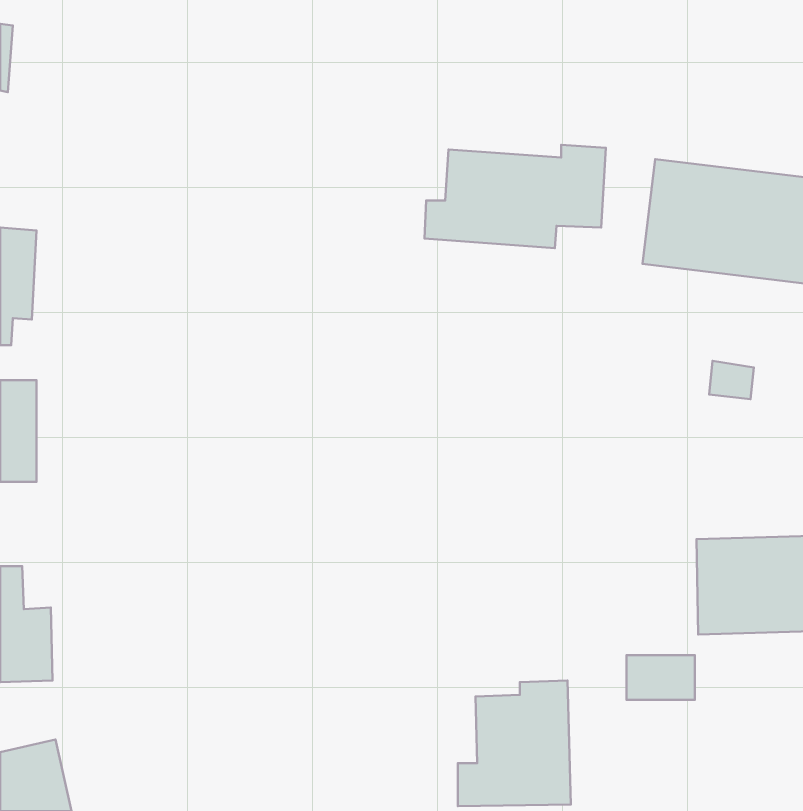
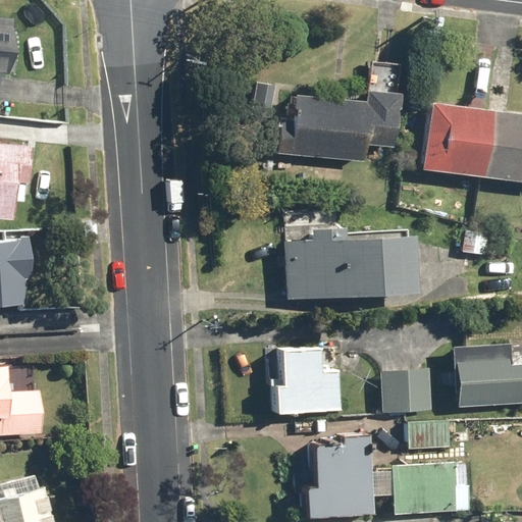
building: none -> [282,226,410,300]
building: none -> [269,348,340,413]
building: none -> [382,368,433,411]
building: none -> [388,462,469,513]

